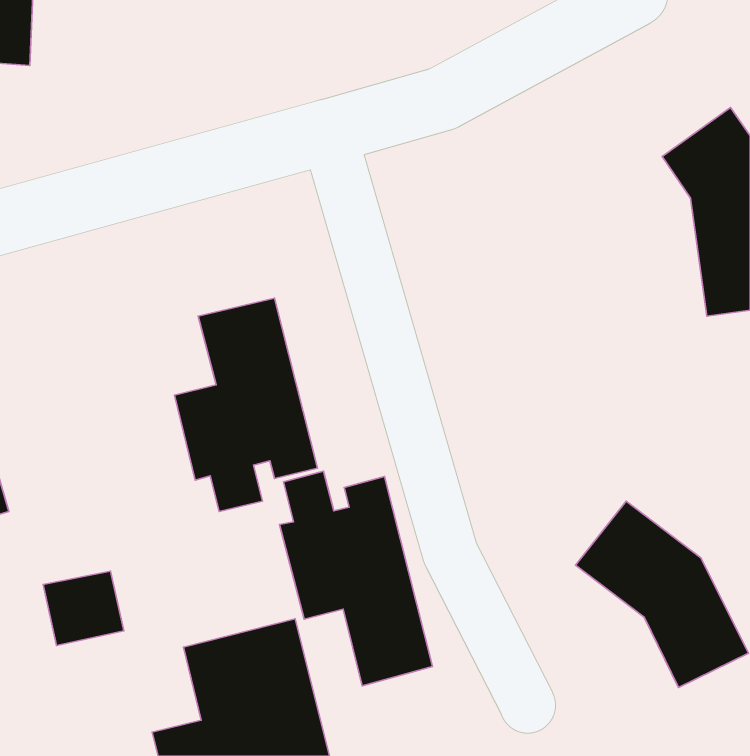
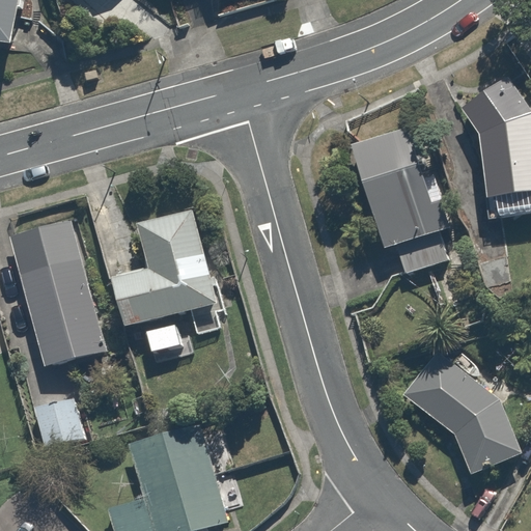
building: none -> [354,121,447,274]
building: none -> [10,220,103,366]
building: [279,471,433,686] -> none

